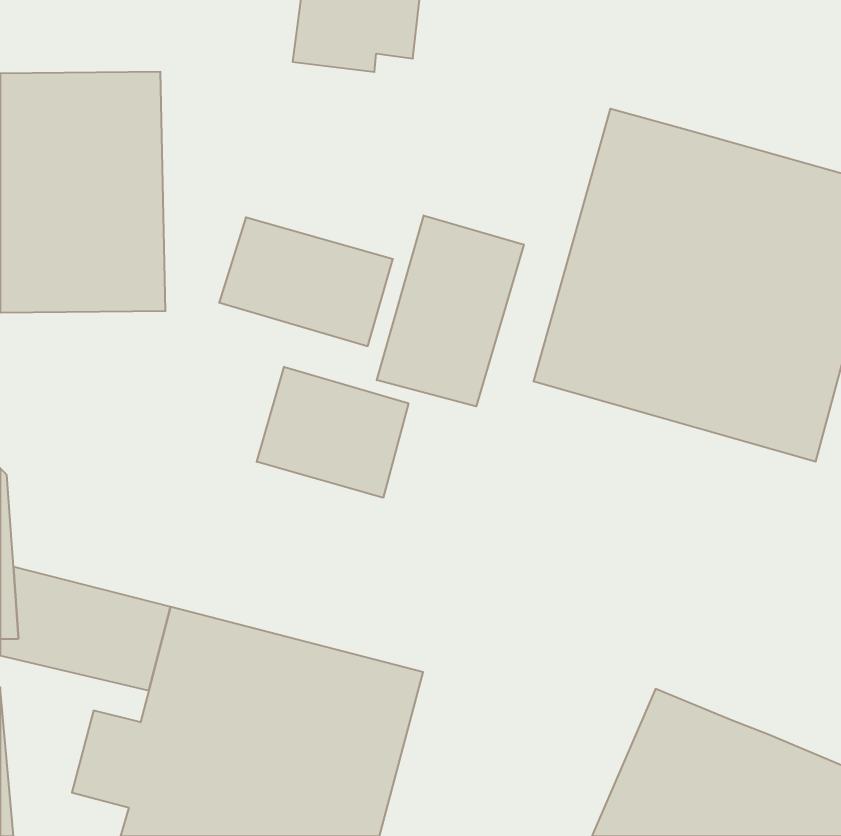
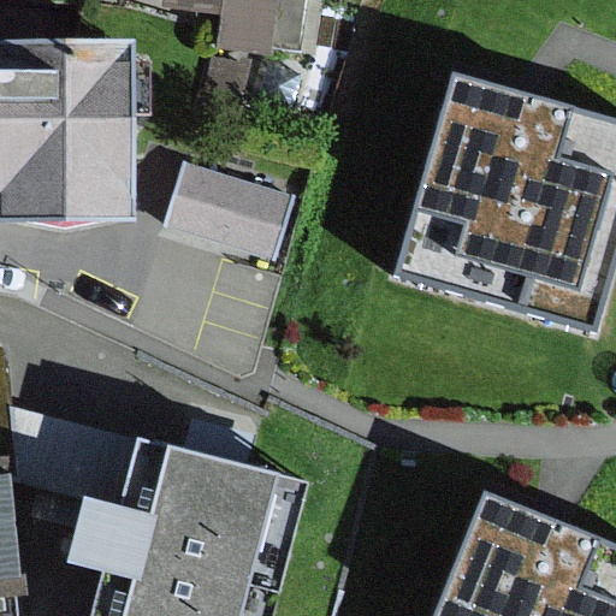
building: [377,215,524,406] -> none
building: [257,367,408,498] -> none

